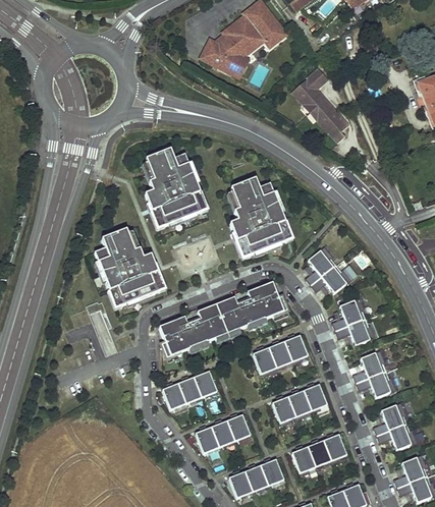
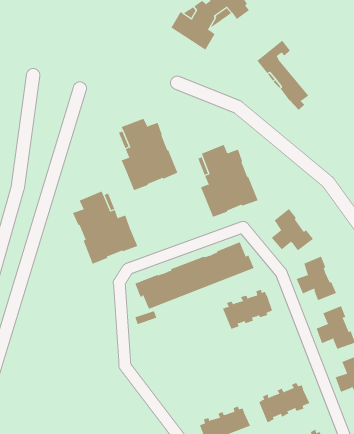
building: [162,369,217,408] -> none
building: [273,382,327,426] -> none
building: [196,412,252,453] -> none

